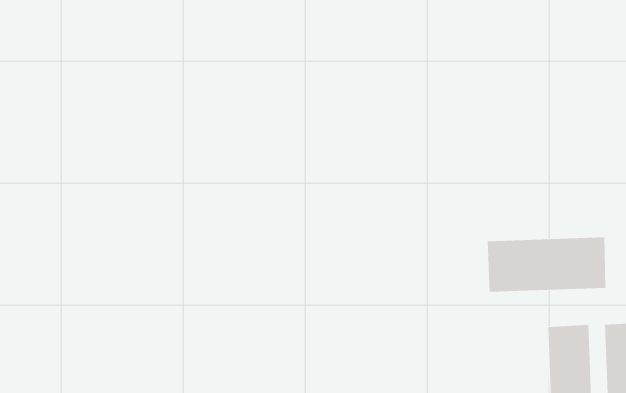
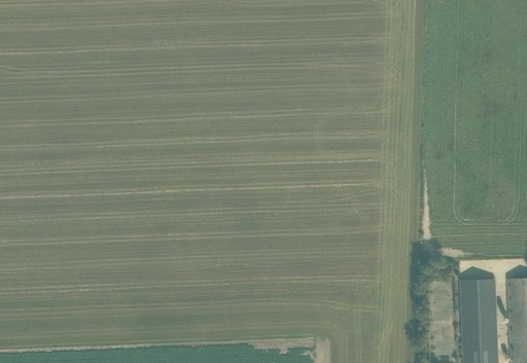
building: [487,236,606,293] -> none

